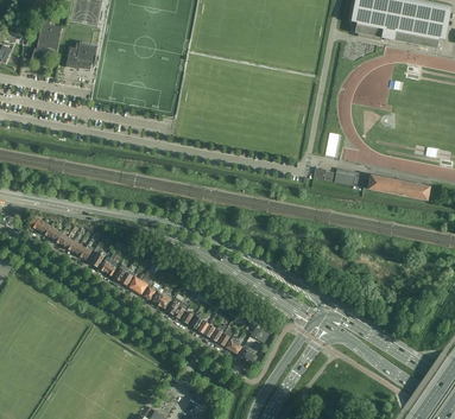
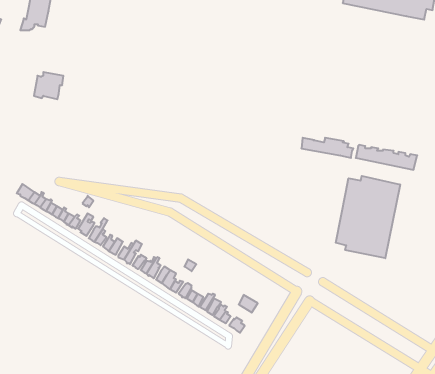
building: [67,43,96,70] -> [34,72,63,99]
building: none -> [336,176,400,258]

